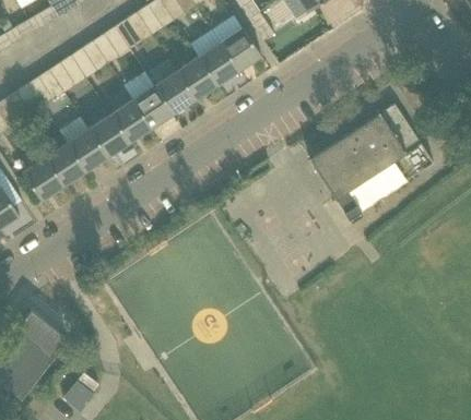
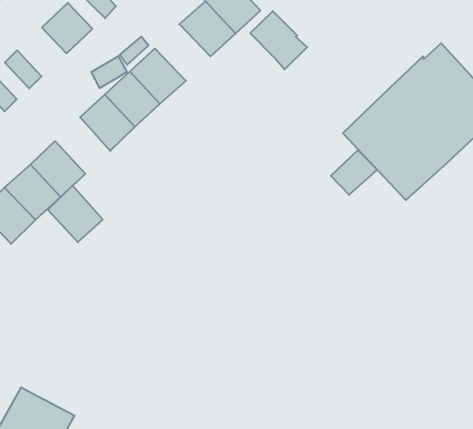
building: [72,39,109,76] -> none
building: [177,55,219,98] -> none
building: none -> [250,11,307,69]
building: [90,112,130,156] -> [48,186,103,242]
building: none -> [331,150,377,195]

